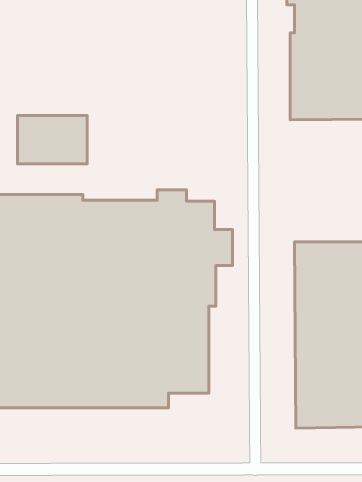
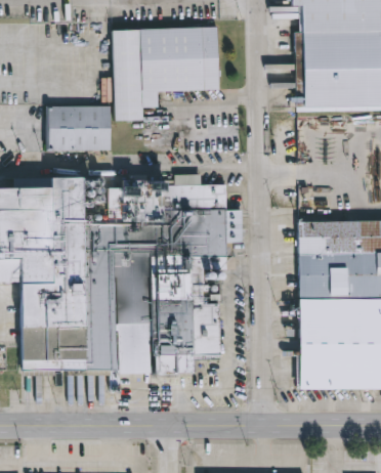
building: none -> [114,27,221,121]

